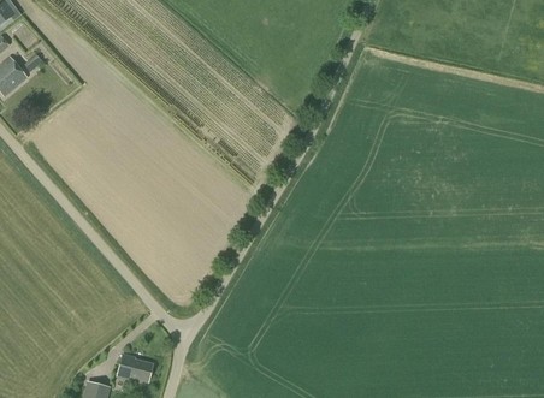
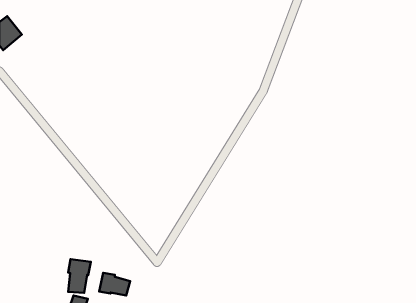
building: none -> [68,259,91,293]

